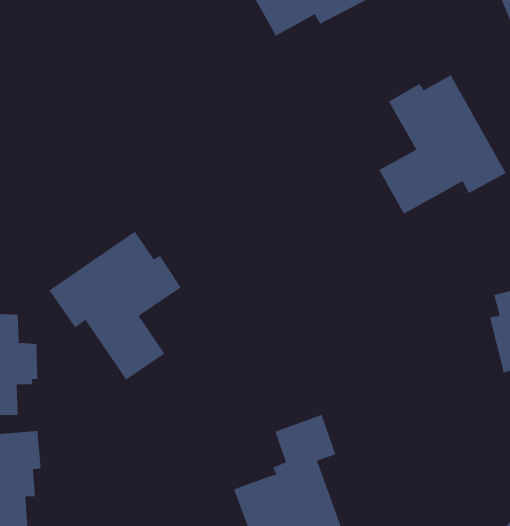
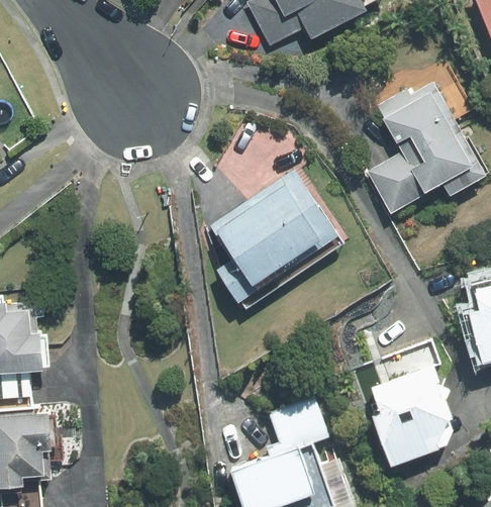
building: none -> [209,171,336,302]
building: [48,231,182,380] -> none
building: none -> [372,364,453,464]

